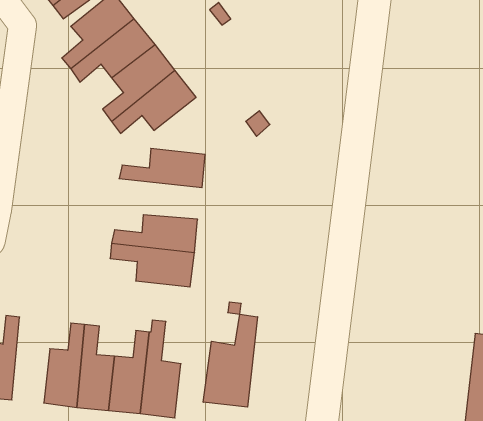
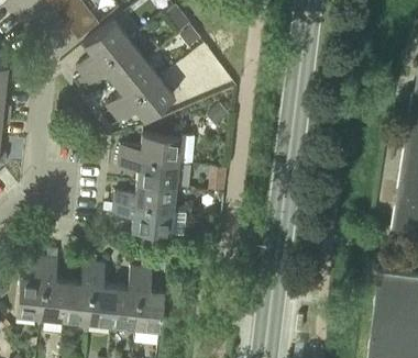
building: none -> [118,158,179,188]
building: [203,314,258,407] -> none
building: none -> [41,259,68,322]

